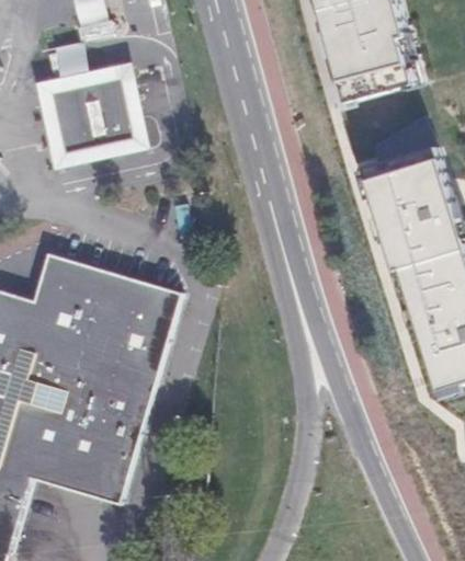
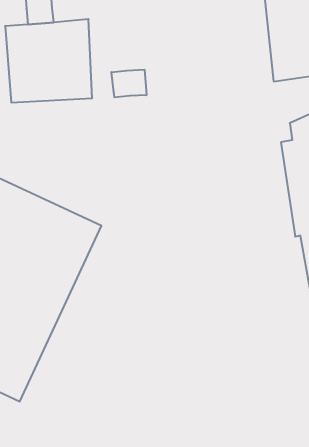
building: none -> [111,70,146,97]

